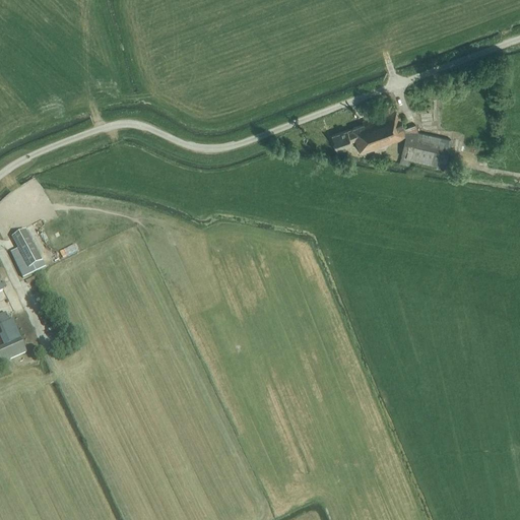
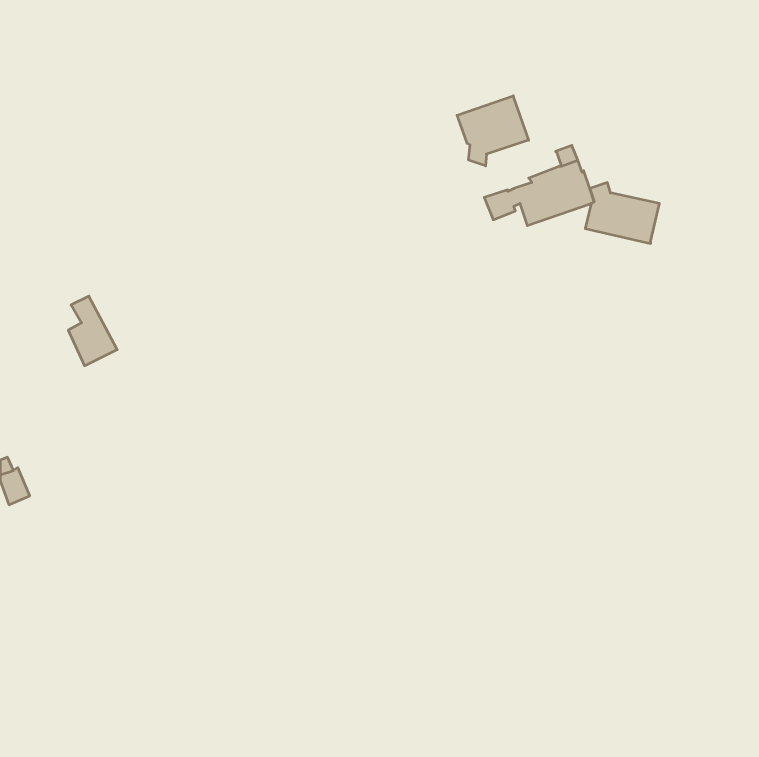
building: none -> [457,96,529,166]
building: [11,233,45,280] -> [68,296,117,366]

